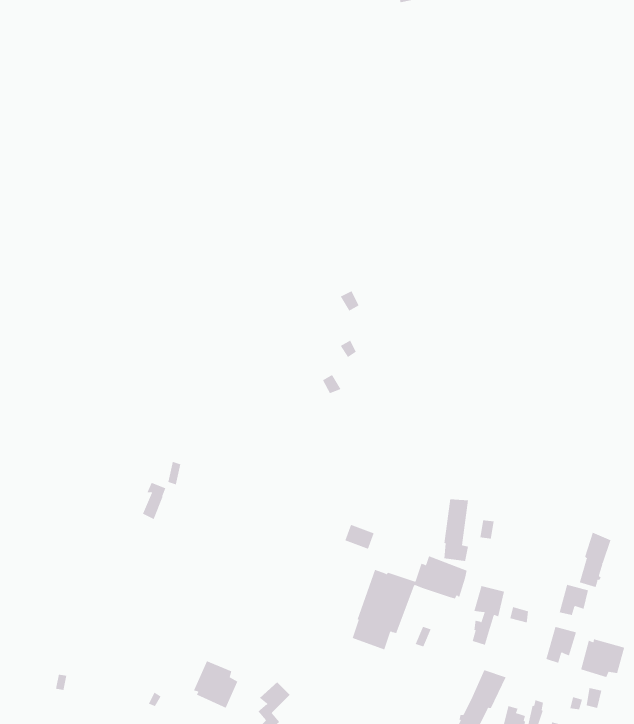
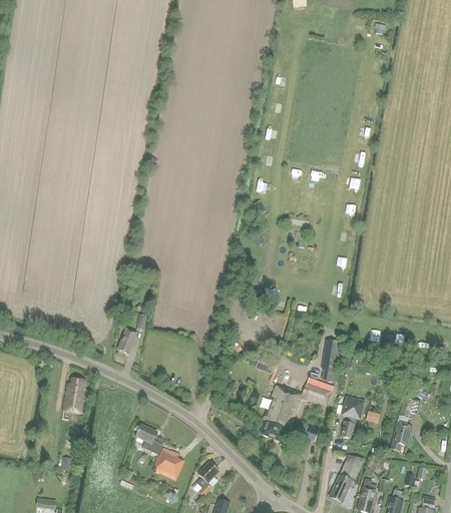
building: [579,532,611,588] -> none
building: none -> [63,379,84,414]
building: none -> [135,425,162,454]
building: [580,639,625,678] -> none

